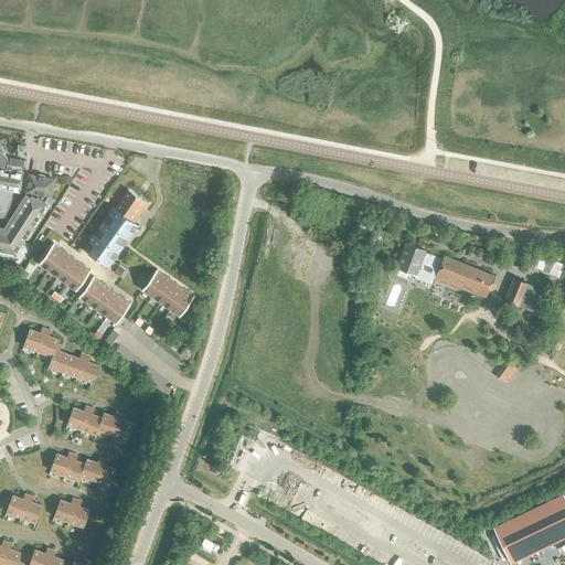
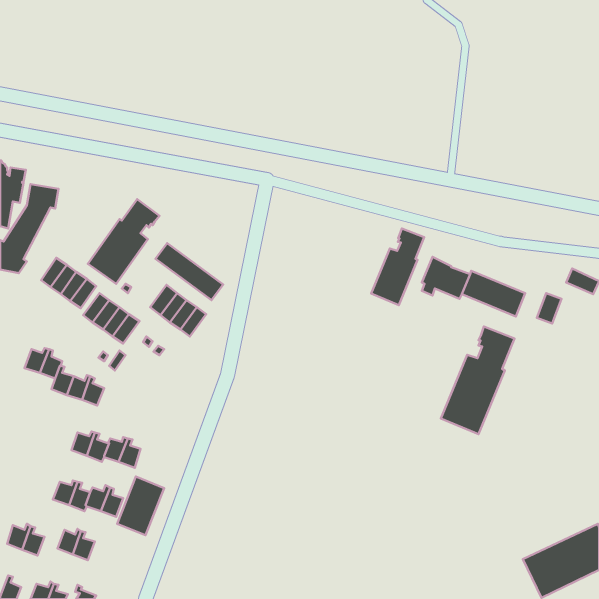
building: none -> [371,228,424,305]
building: none -> [155,243,223,300]
building: none -> [441,326,514,434]
building: none -> [117,477,164,535]

